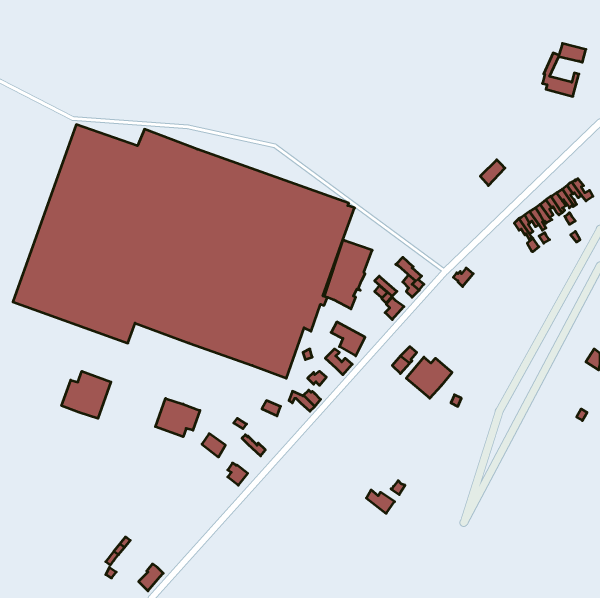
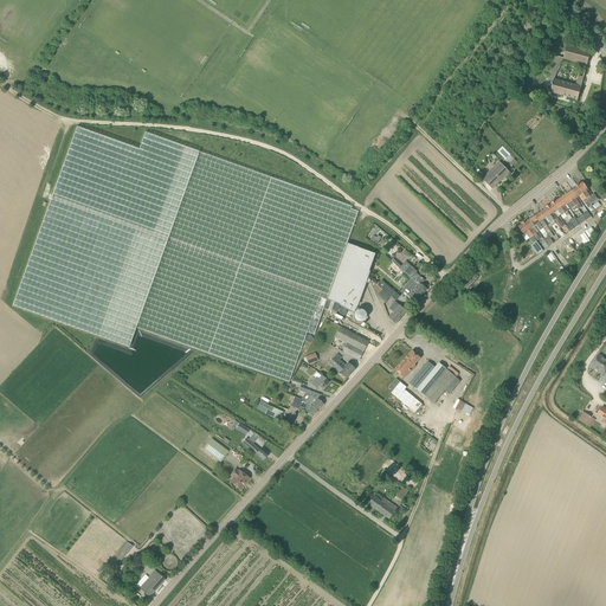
building: [62,371,111,418] -> none
building: [155,398,200,437] -> none

